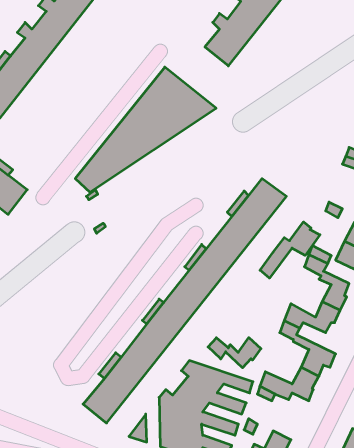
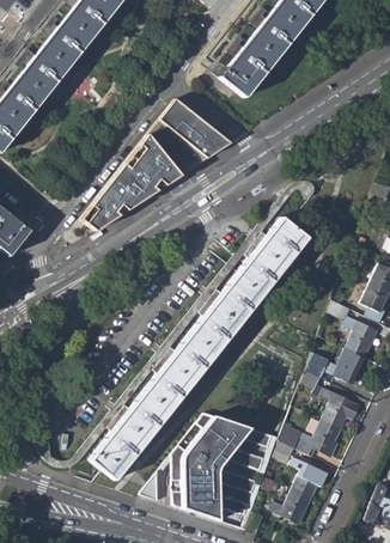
building: [260,222,320,278] -> none
building: [208,338,261,368] -> none
building: none -> [292,457,329,498]

